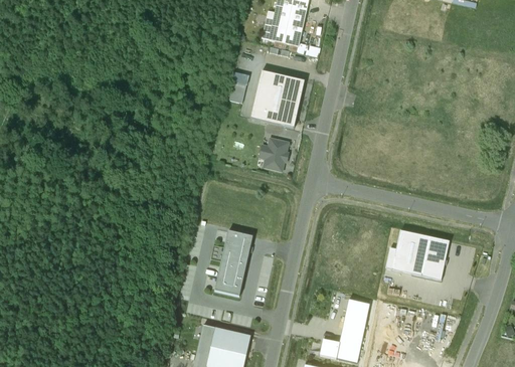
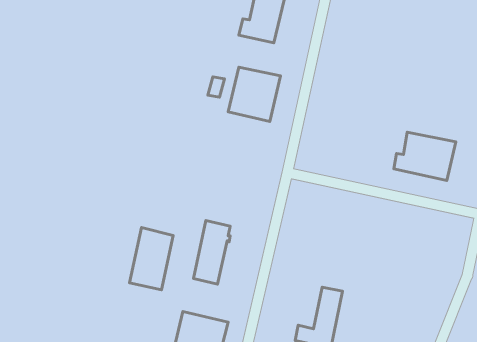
building: [260,138,288,169] -> none
building: [385,229,450,280] -> [394,132,456,181]
building: none -> [129,227,173,290]

